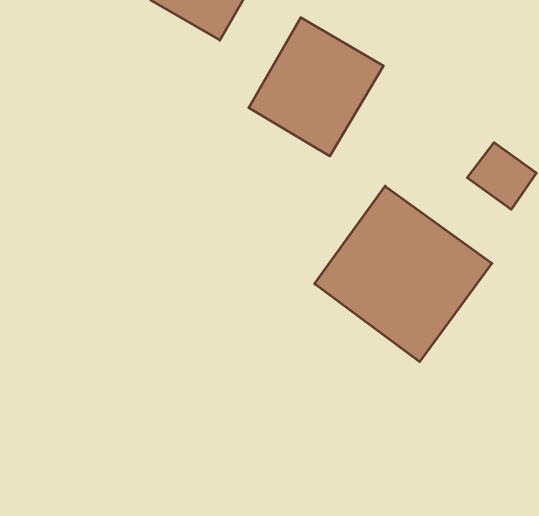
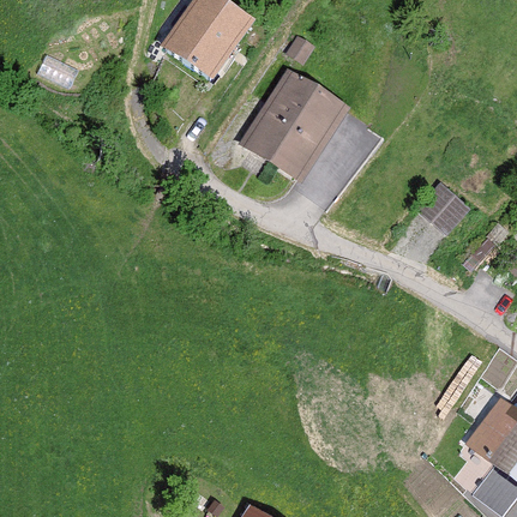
building: [315,186,492,362] -> none

